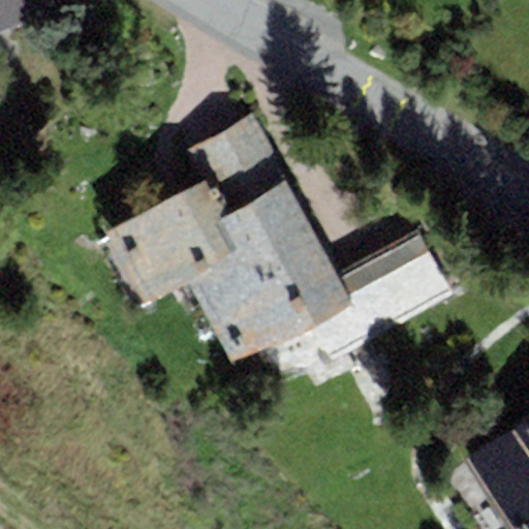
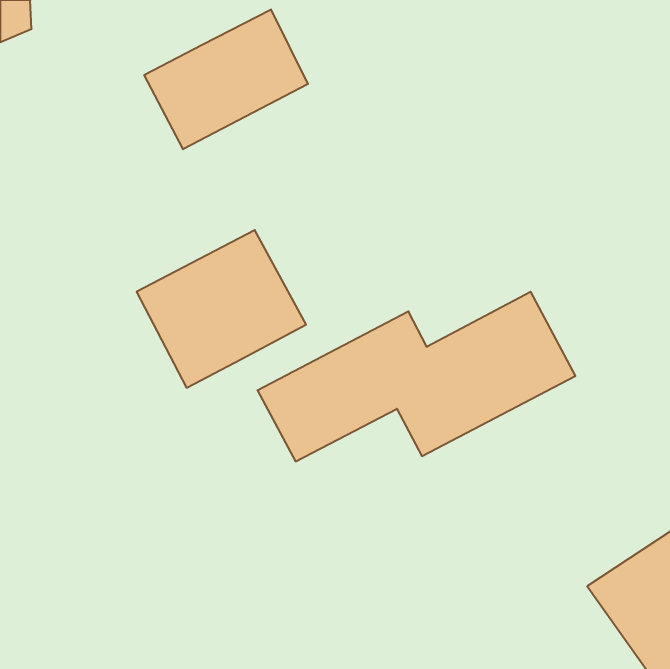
building: none -> [144,9,308,149]
building: [186,118,322,309] -> none

